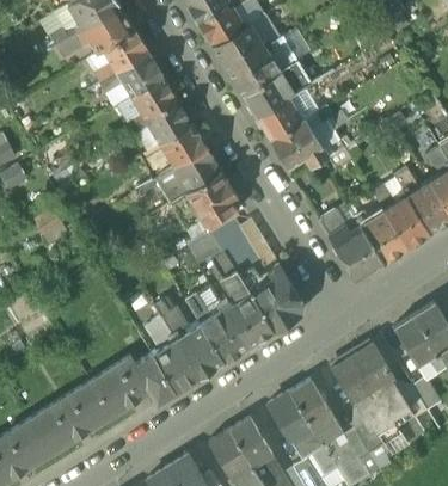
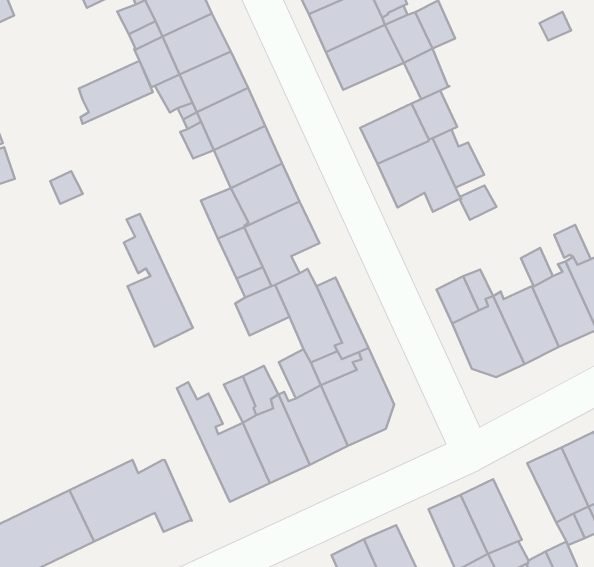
building: [241,72,294,118] -> none
building: none -> [79,61,153,124]
building: [146,306,198,393] -> [124,214,193,347]

